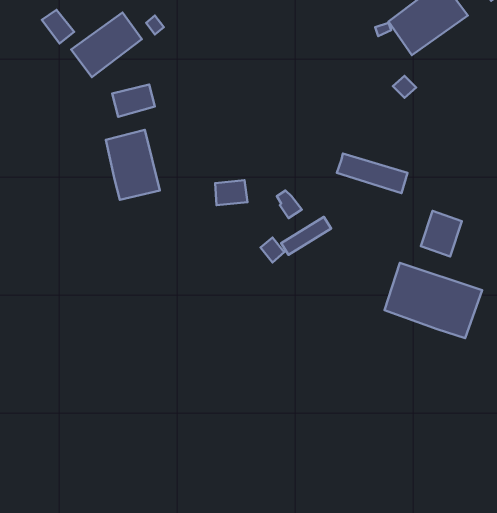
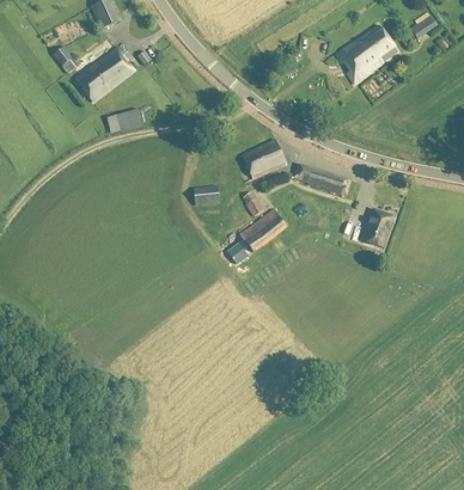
building: none -> [243,140,286,178]
building: [106,130,160,200] -> none
building: [384,263,482,338] -> none

